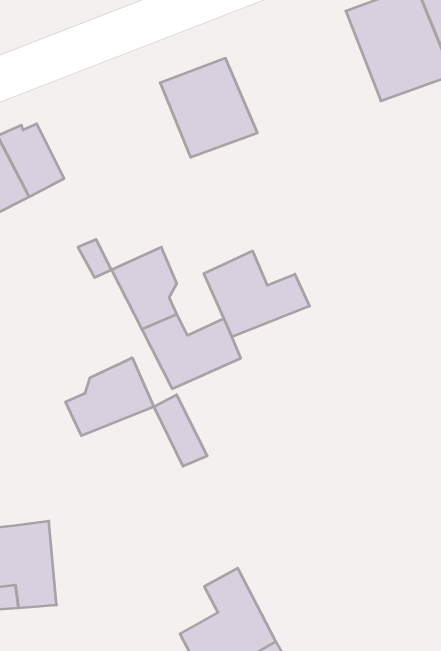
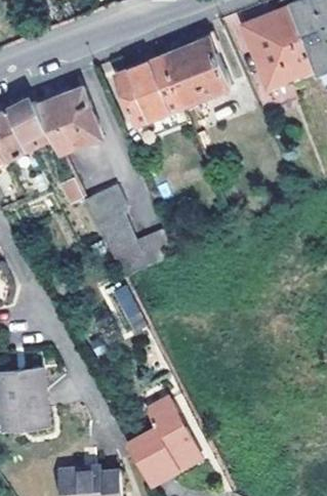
building: none -> [162,37,232,106]
building: none -> [37,86,103,153]
building: [204,251,310,337] -> none
building: [66,358,154,436] -> none

